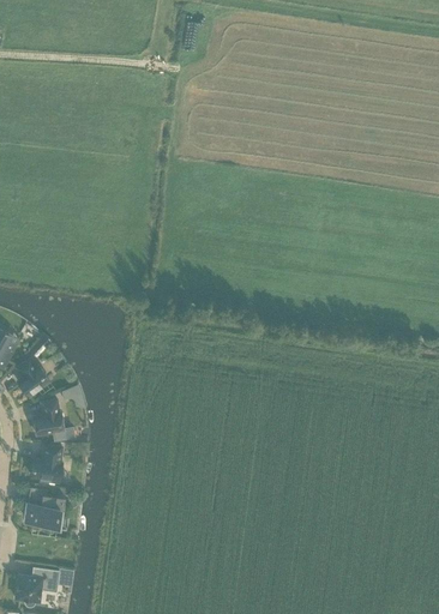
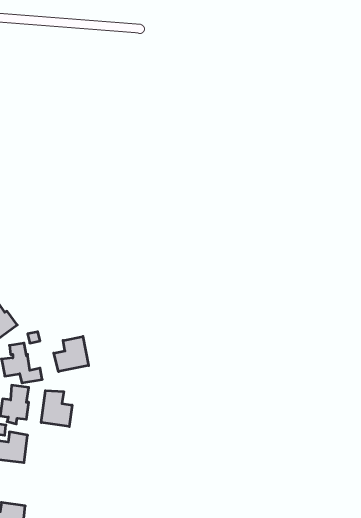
building: none -> [54,336,89,372]
building: none -> [41,391,72,427]

